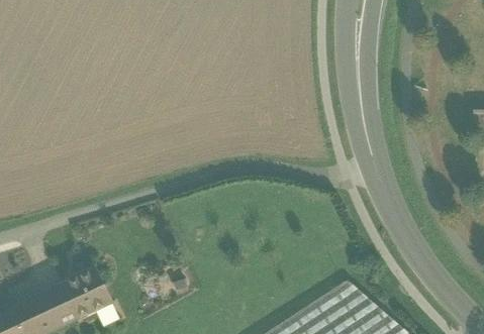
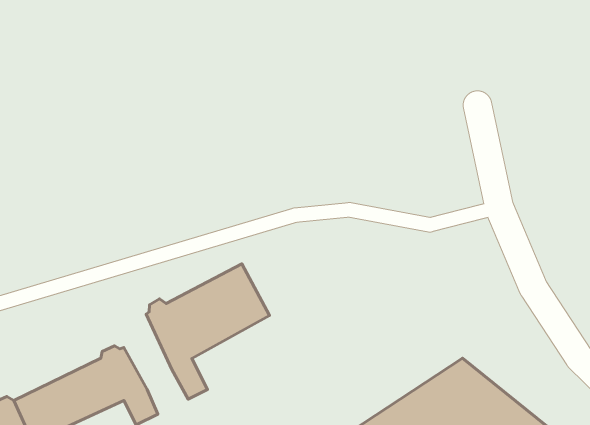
building: none -> [146,264,270,399]

